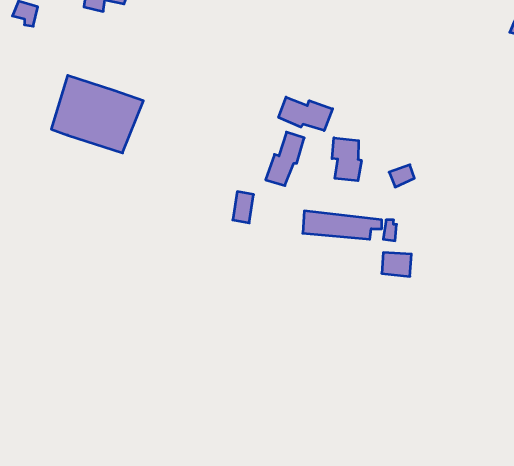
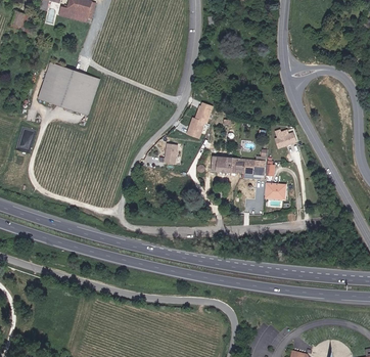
building: [279,97,333,131] -> none
building: [332,138,361,181] -> none

